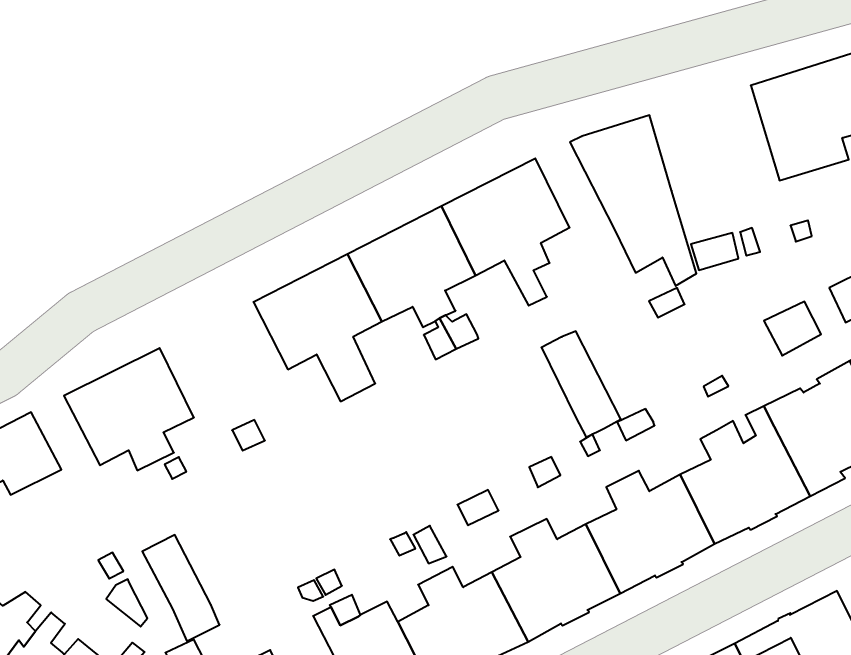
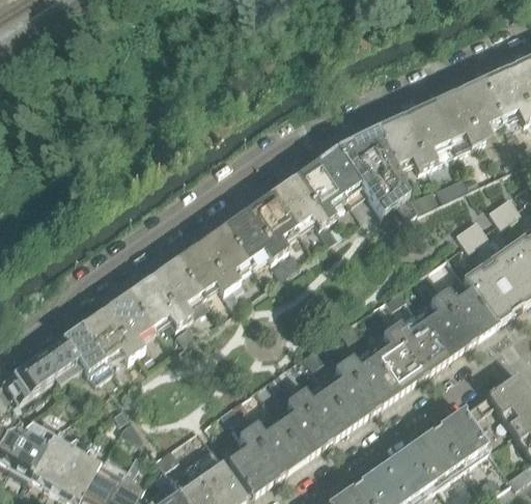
building: none -> [379,102,454,168]
building: none -> [129,257,200,325]
building: [541,331,621,437] -> [319,146,368,203]
building: [142,535,220,641] -> [63,323,111,380]

